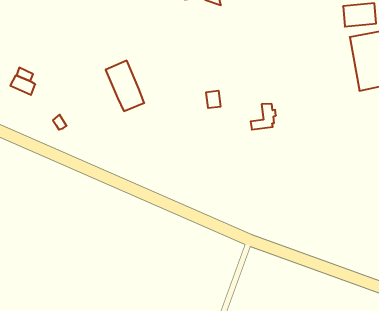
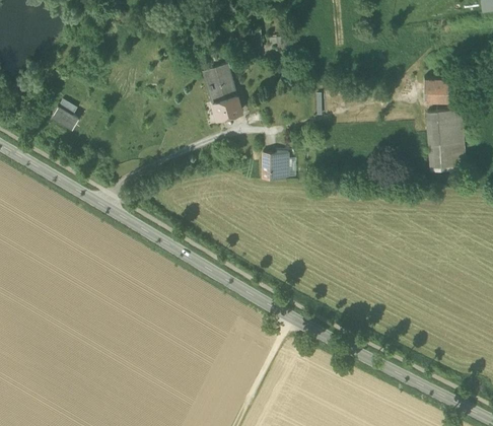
building: [106,61,144,111] -> [203,64,240,119]
building: [251,104,276,130] -> [263,153,291,180]

